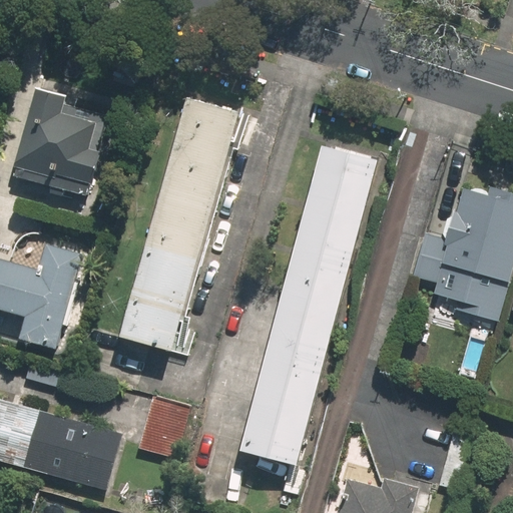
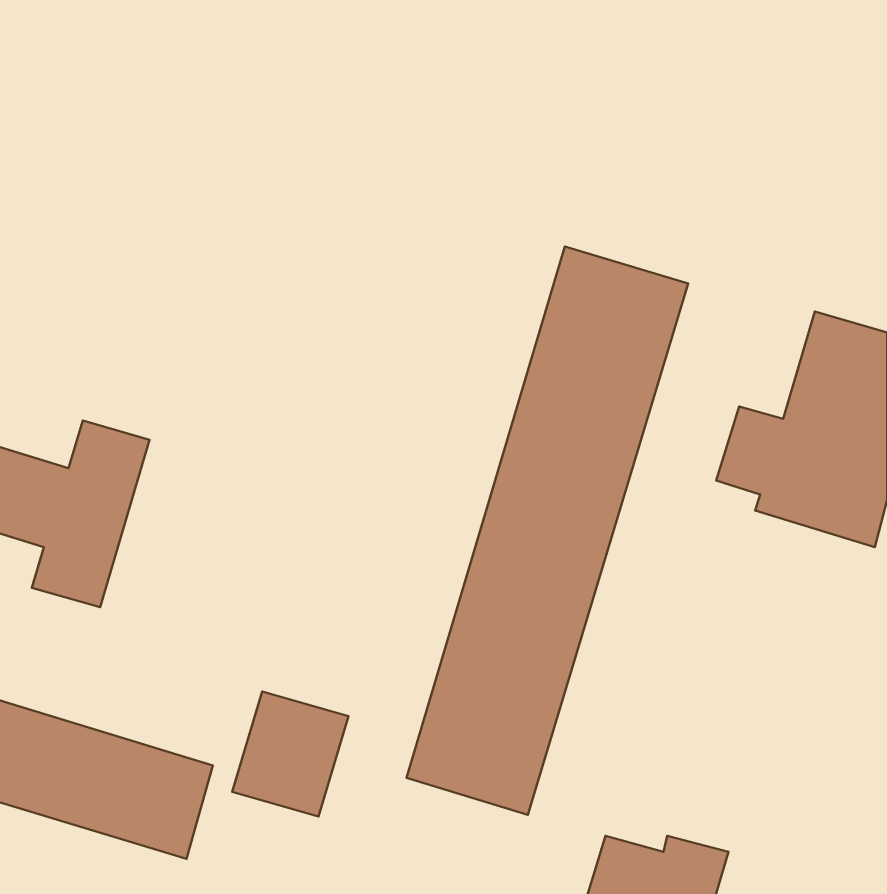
building: [9,87,113,198] -> none
building: [116,97,248,354] -> none

